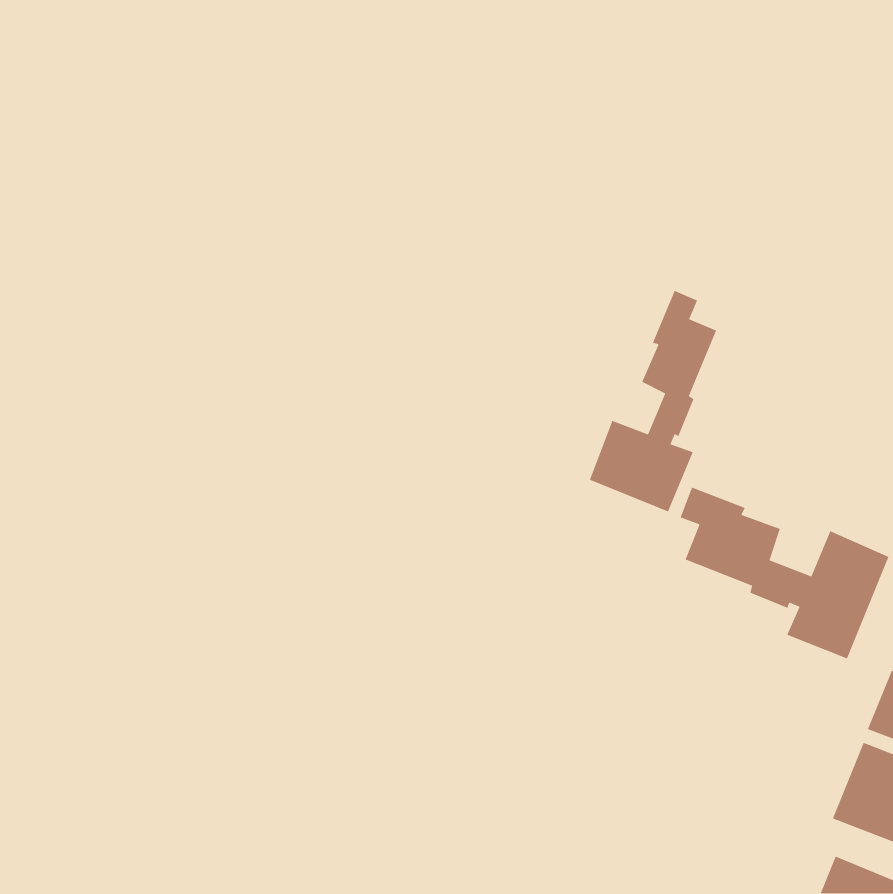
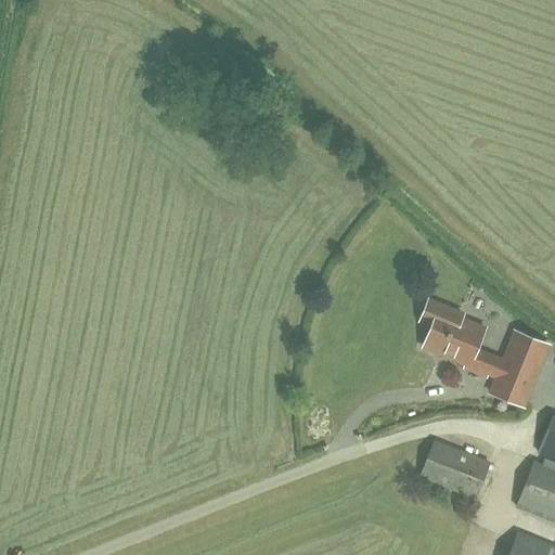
building: [589,290,717,513] -> none
building: none -> [420,439,492,499]

